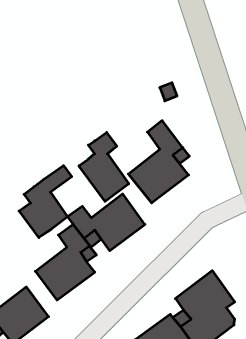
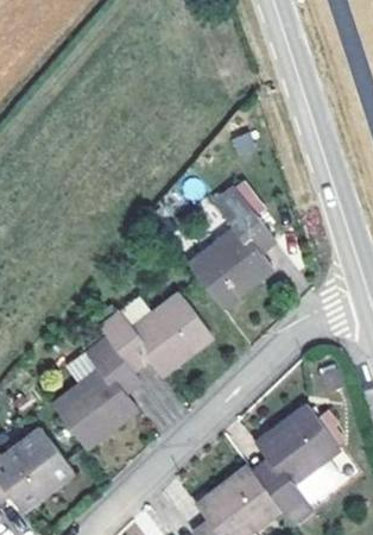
building: [79,132,129,201] -> none
building: [19,166,72,238] -> none

